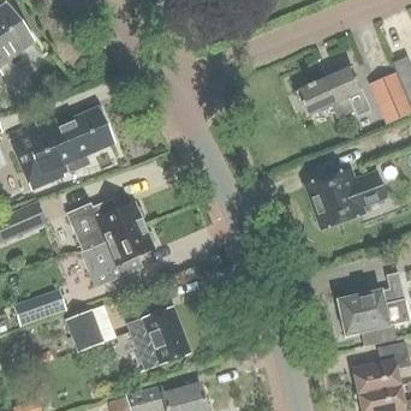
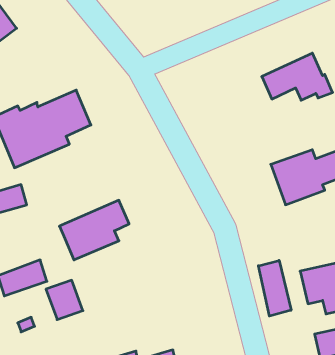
building: [67,199,143,249] -> none
building: none -> [258,260,291,316]
building: [127,305,190,368] -> none

